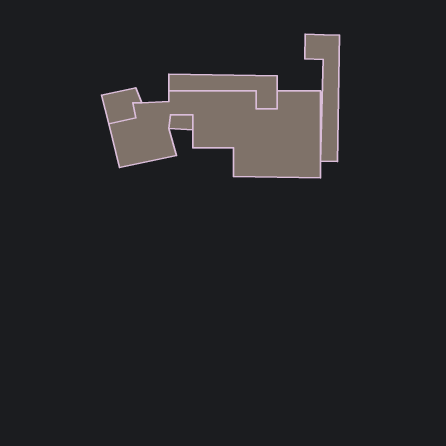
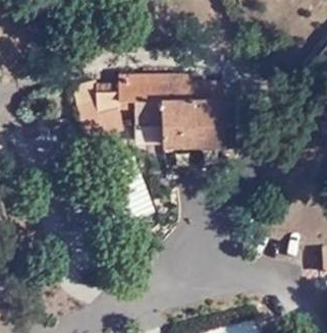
building: [305,34,339,162] -> none

